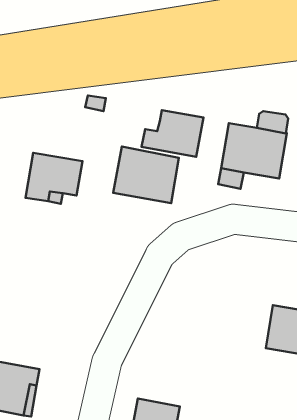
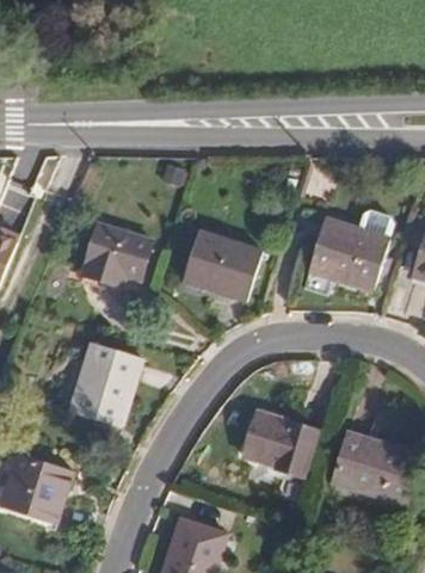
building: [141,110,203,157] -> none
building: none -> [70,341,141,426]
building: none -> [241,411,316,476]

